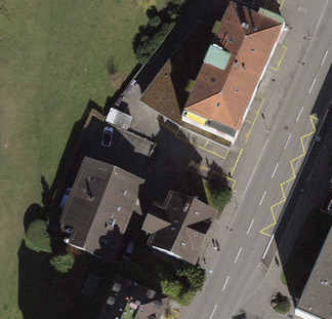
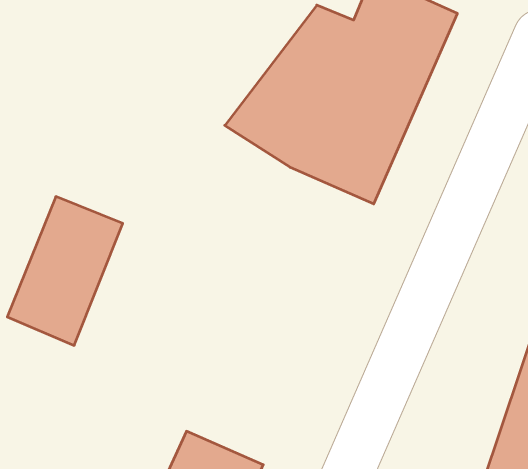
building: [61,163,132,254] -> [7,197,123,345]
building: [144,197,211,262] -> none

